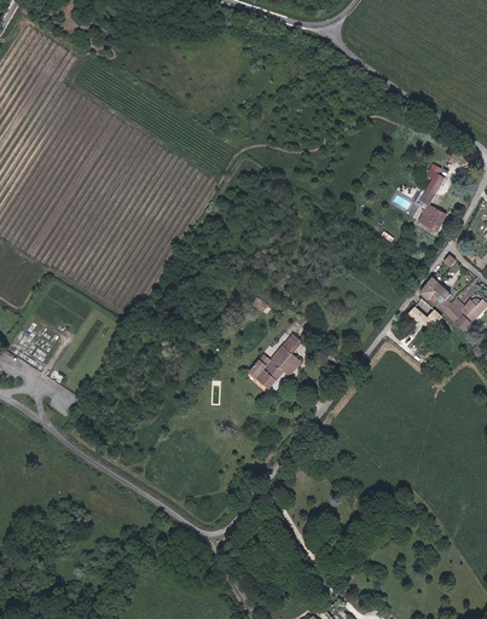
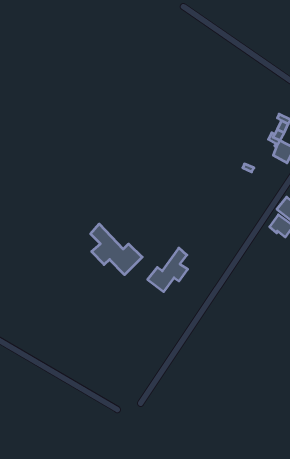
building: none -> [91,224,142,275]

